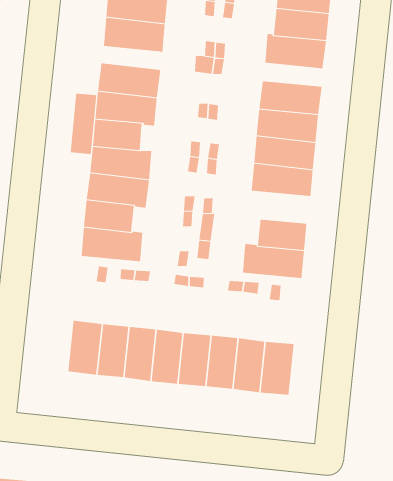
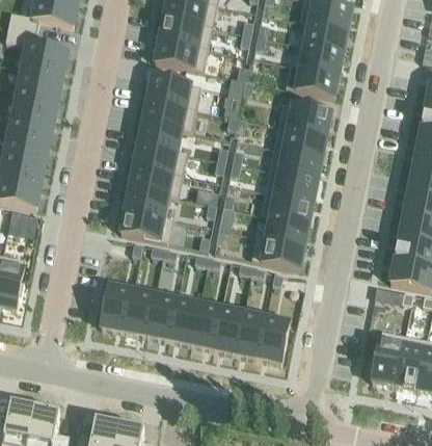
building: [70,93,97,155] -> none
building: none -> [260,191,314,222]

